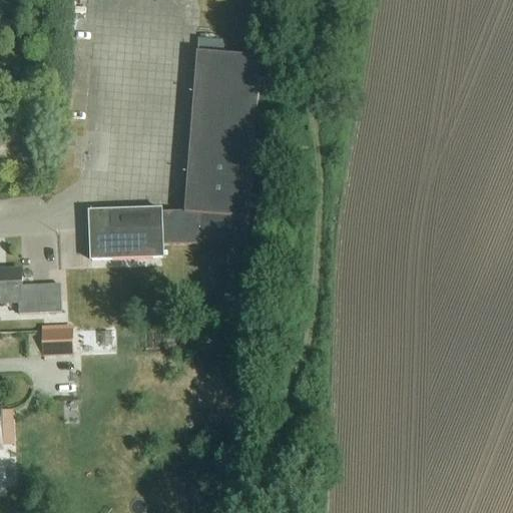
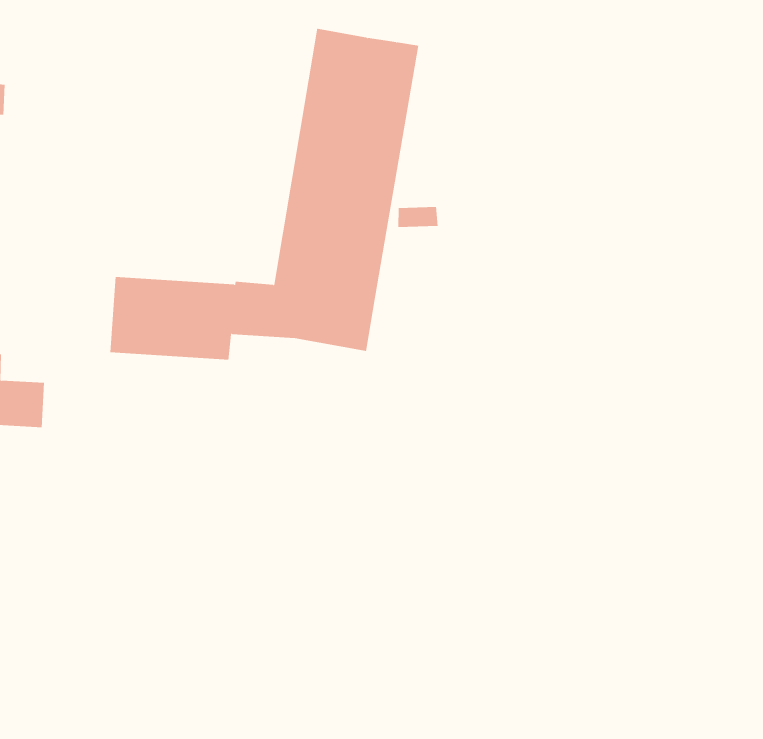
building: [42,324,73,354] -> none

